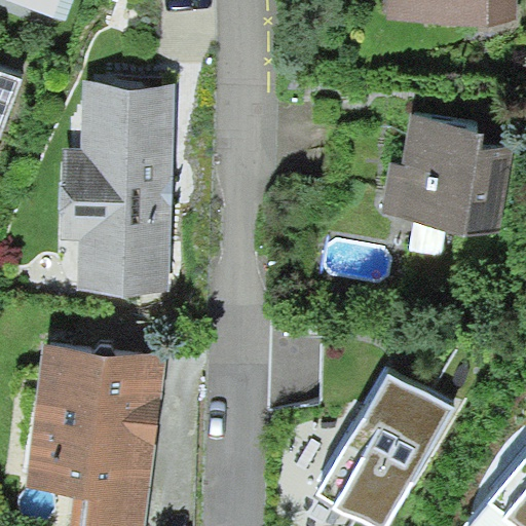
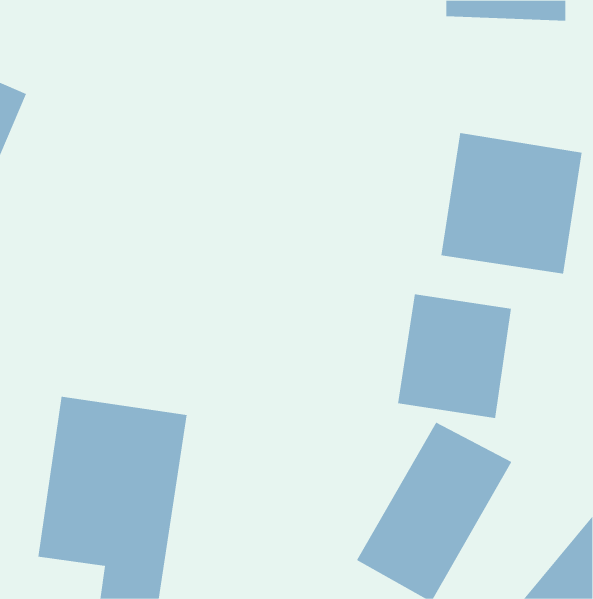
building: [62,83,176,298] -> none
building: none -> [398,294,512,419]

